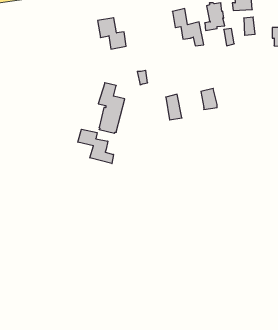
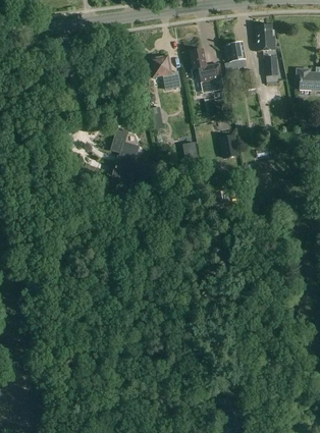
building: [98,18,126,49] -> [150,55,180,89]
building: [78,129,113,164] -> none

